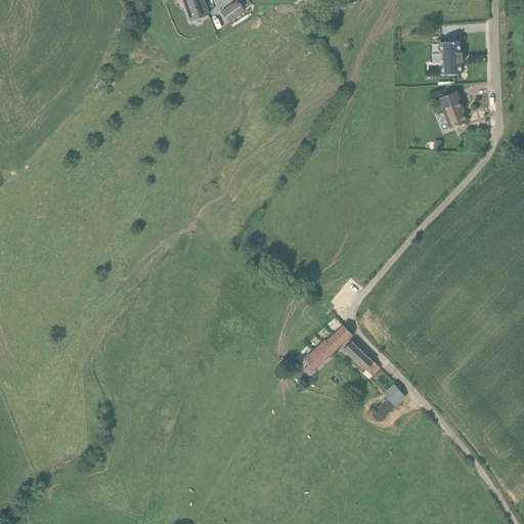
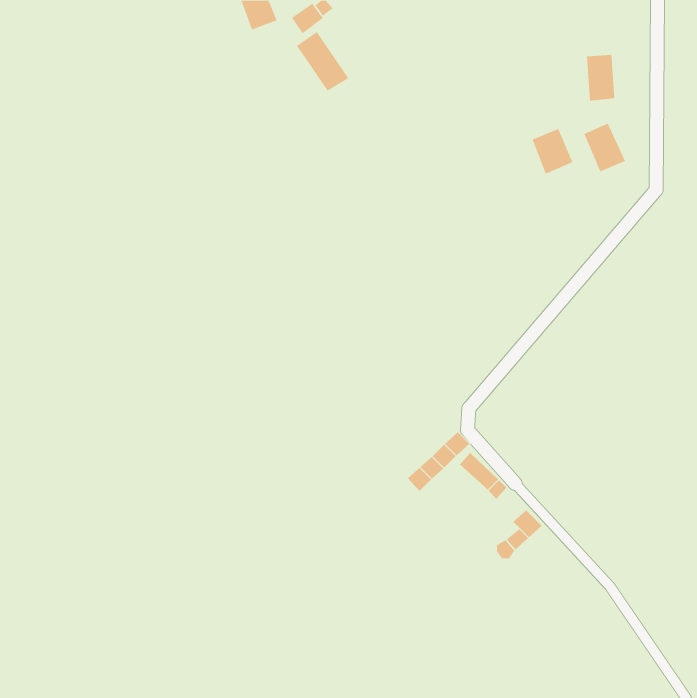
building: none -> [296,31,349,92]
building: none -> [532,128,573,174]

